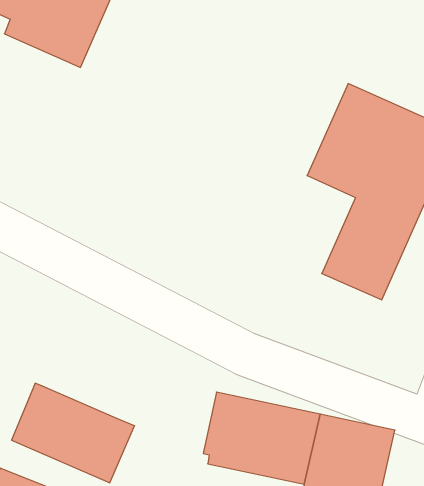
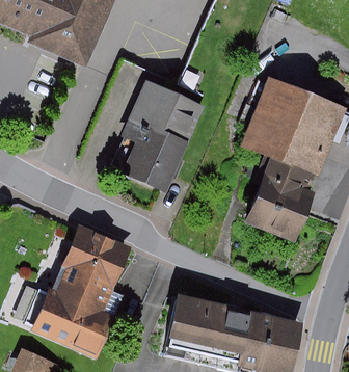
building: none -> [98,76,206,197]
building: none -> [51,222,132,312]

